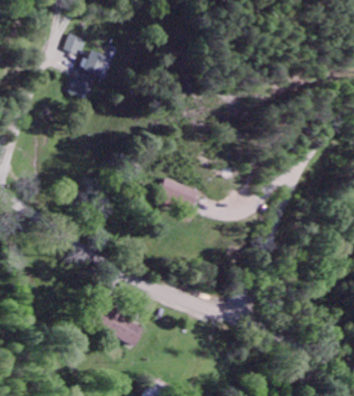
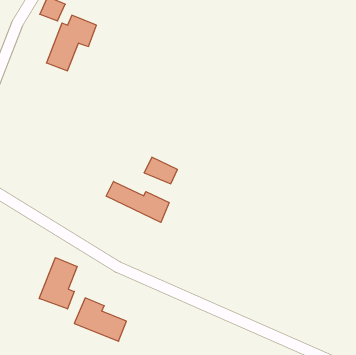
building: none -> [106,181,169,222]
building: none -> [39,258,77,309]

